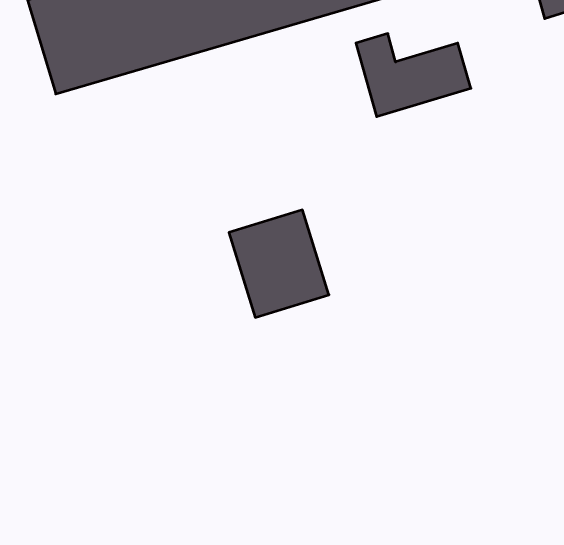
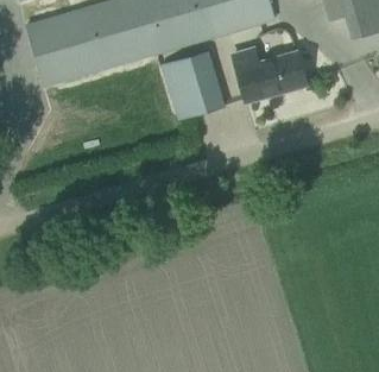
building: [229,210,329,317] -> [162,51,225,119]

